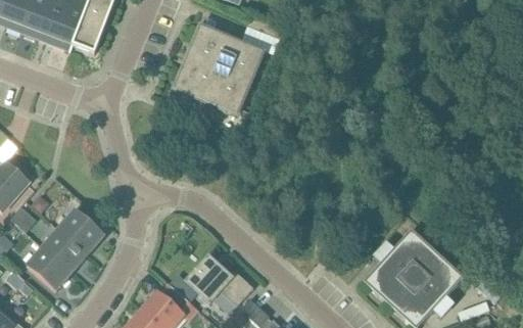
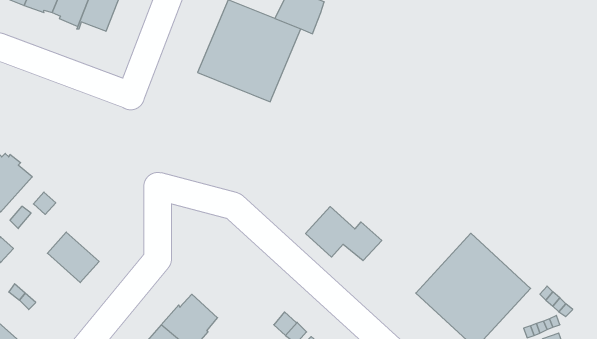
building: [58,210,103,254] -> none
building: [26,247,70,291] -> none
building: [186,259,252,306] -> [306,207,382,261]

